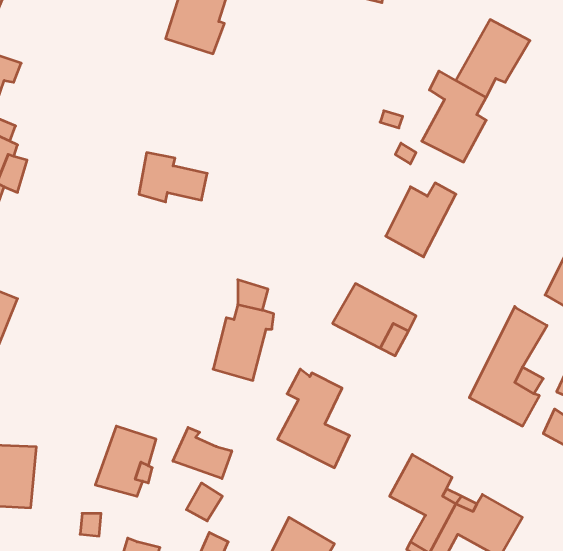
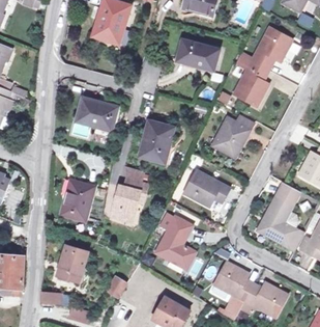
building: none -> [175,43,216,72]
building: none -> [141,120,175,161]
building: none -> [63,180,92,218]
building: [173,427,232,479] -> none

